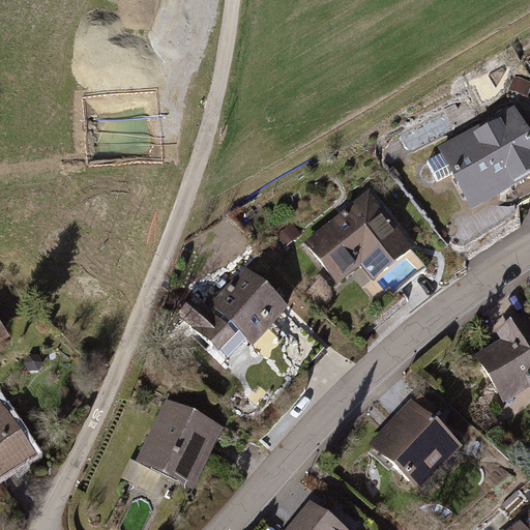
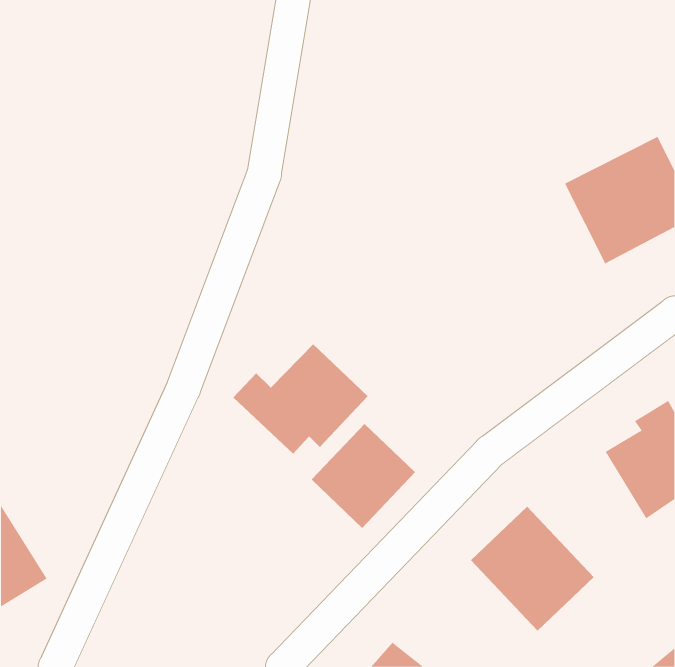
building: [303,185,417,282] -> none
building: none -> [311,423,416,529]
building: [137,400,224,488] -> none

